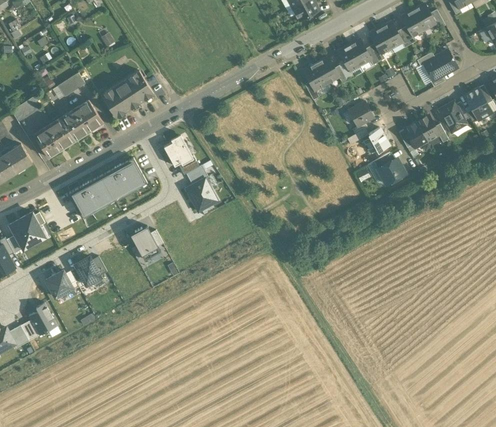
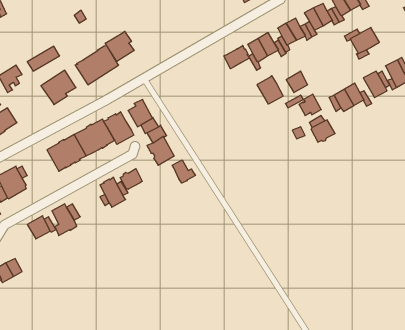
building: none -> [105,31,134,62]
building: none -> [224,45,250,69]
building: none -> [257,76,283,104]
building: [34,118,75,156] -> none
building: none -> [104,112,134,144]
building: none -> [172,160,195,183]
building: none -> [120,169,142,189]
building: [28,303,57,335] -> none

